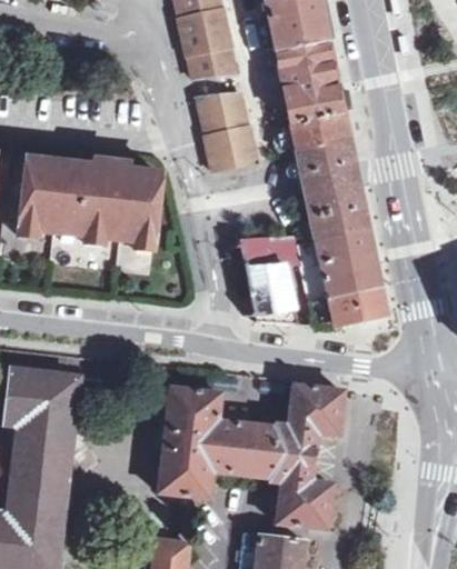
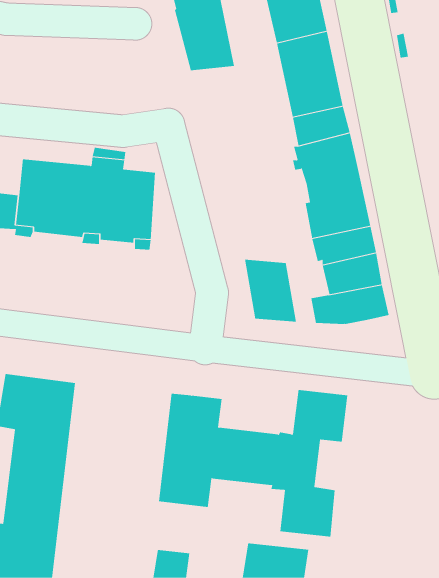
building: [196,89,252,164] -> none
building: [241,230,301,262] -> none

